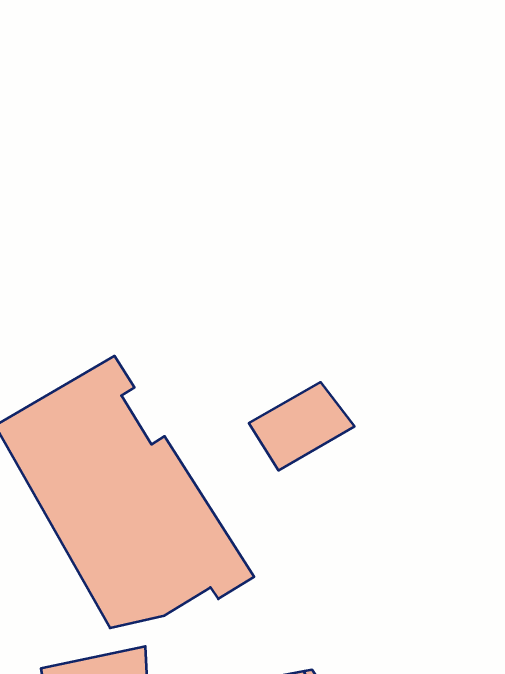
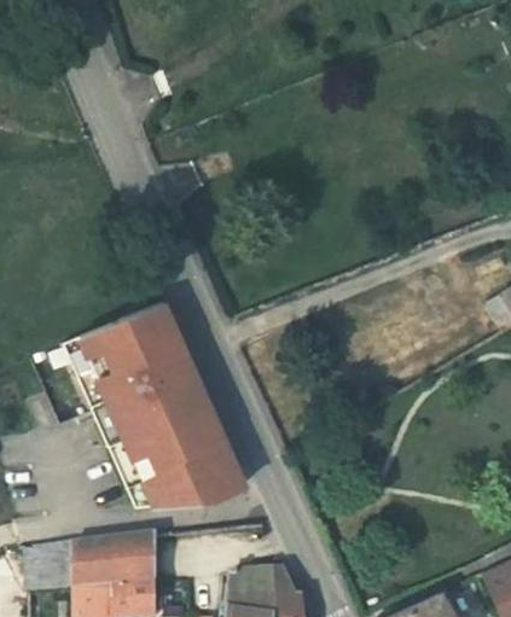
building: [249,382,354,470] -> none

